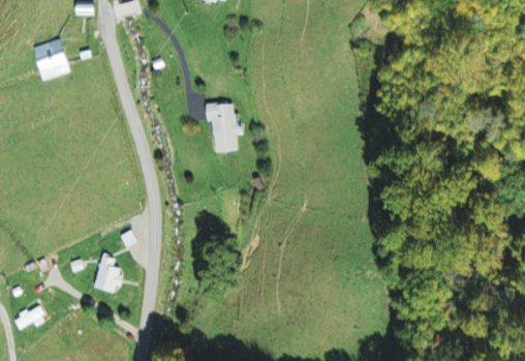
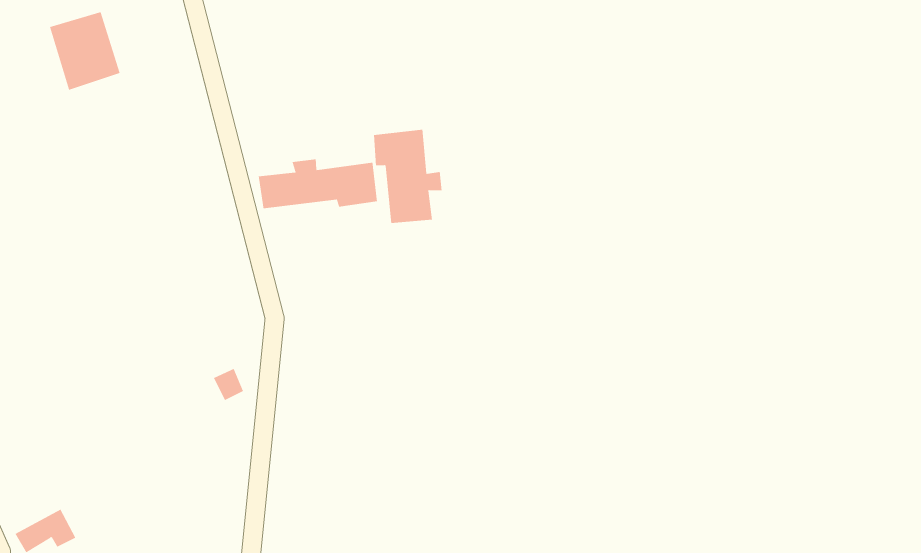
building: none -> [258,159,377,209]
building: [94,255,121,293] -> none

